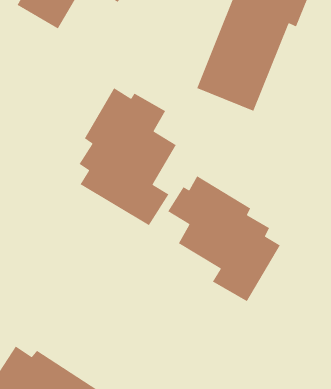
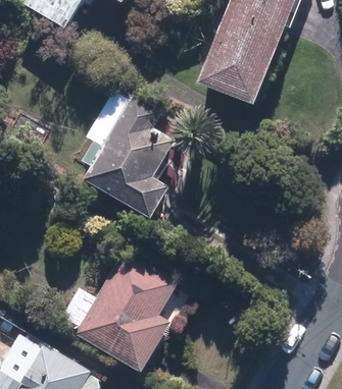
building: [167,175,281,302] -> none
building: none -> [62,247,179,371]

